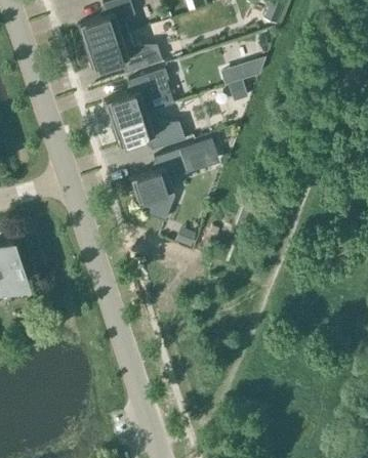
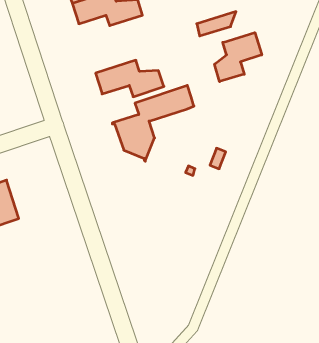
building: [104,69,174,126] -> none
building: none -> [215,33,262,82]

